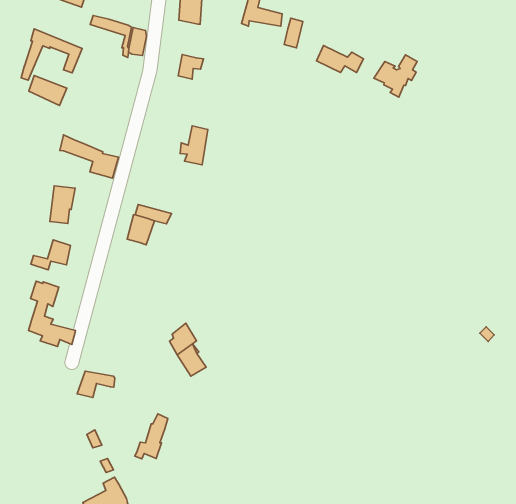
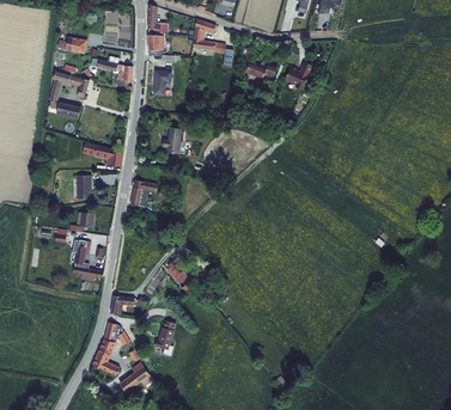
building: none -> [93,322,121,375]

